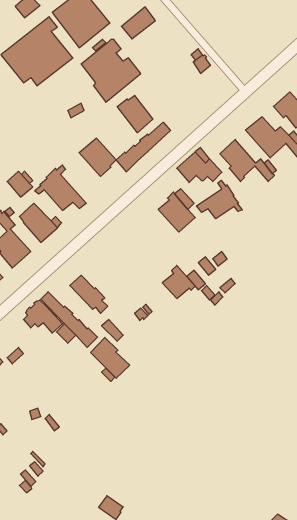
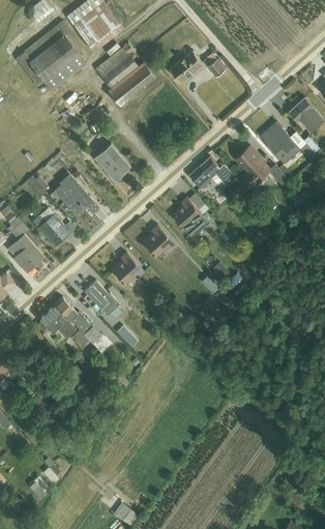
building: [121,7,155,39] -> [170,51,204,83]
building: [117,95,153,133] -> none
building: [116,122,170,172] -> none
building: [196,180,242,219] -> none
building: none -> [111,253,144,286]
building: [162,265,195,298] -> [142,225,175,258]
building: [91,337,130,378] -> none

